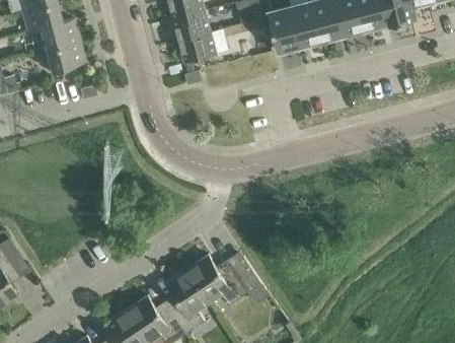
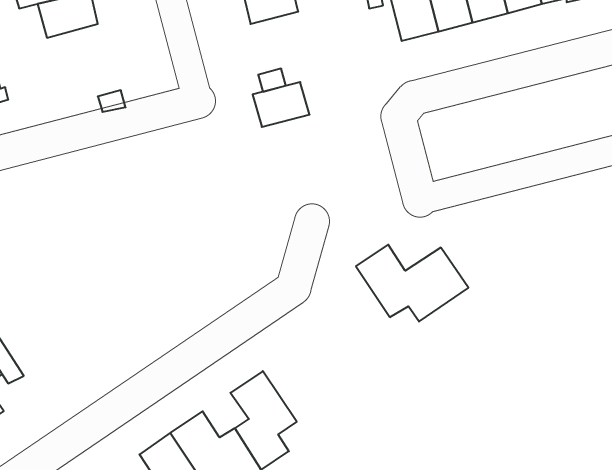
building: [179,32,217,62] -> [253,82,310,127]
building: [46,41,85,71] -> none
building: [187,255,261,305] -> [356,245,468,322]

